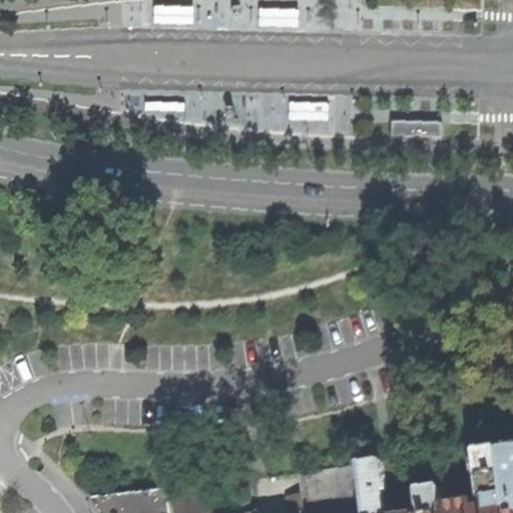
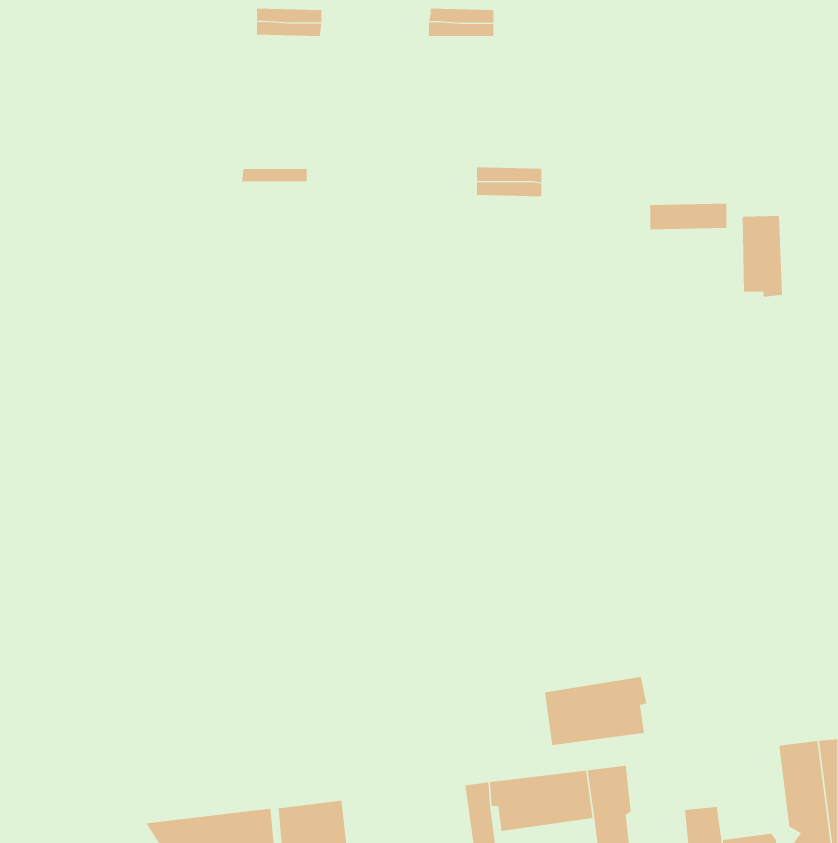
building: none -> [742,215,783,297]
building: none -> [545,676,647,746]

